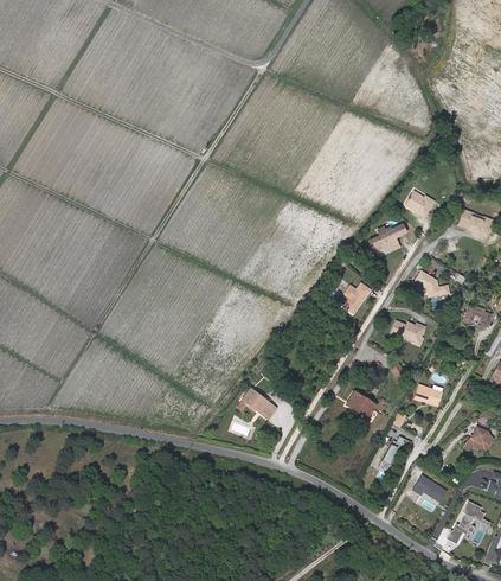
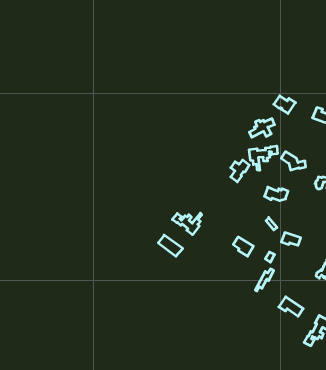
building: none -> [249,146,277,170]
building: none -> [172,213,202,235]

